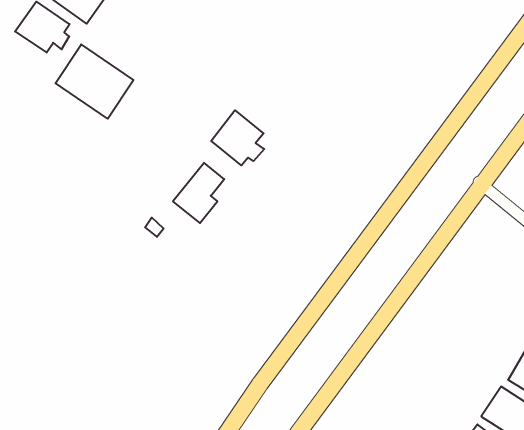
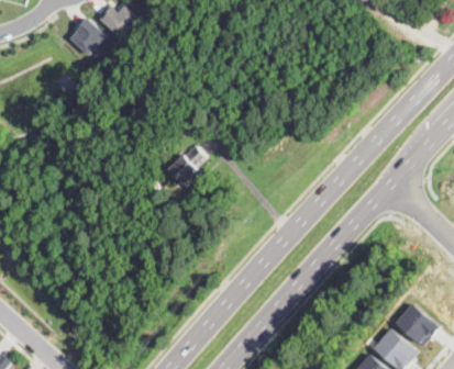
building: [56,44,133,119] -> none
building: [211,110,264,165] -> none

